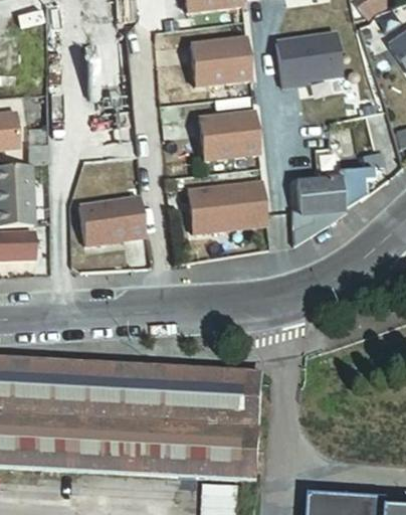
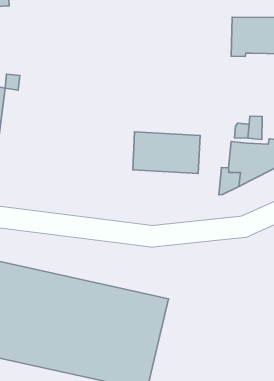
building: [191,36,251,85] -> none
building: [199,111,259,159] -> none
building: [80,196,148,245] -> none

